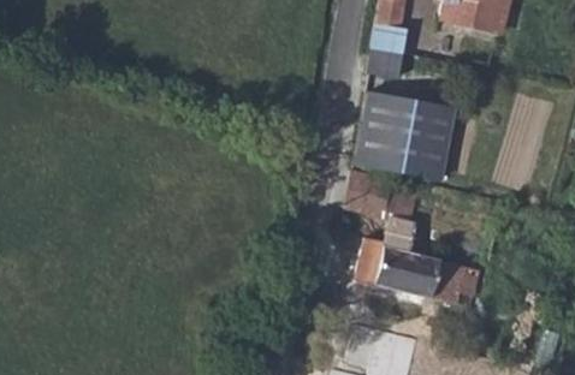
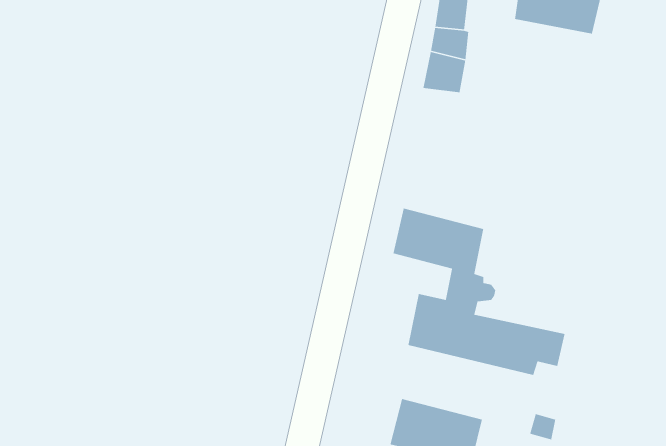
building: [356,94,451,179] -> none

